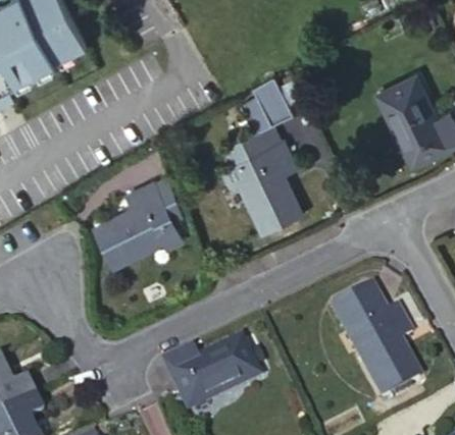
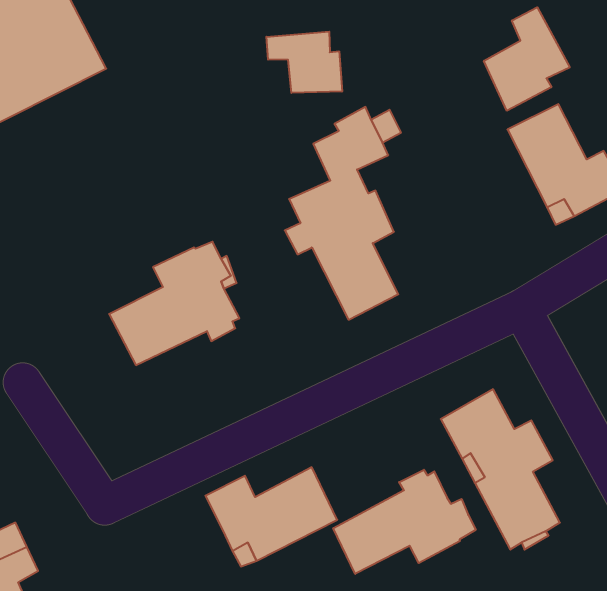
building: none -> [484,7,570,111]
building: none -> [266,32,342,93]
building: none -> [333,470,476,574]

